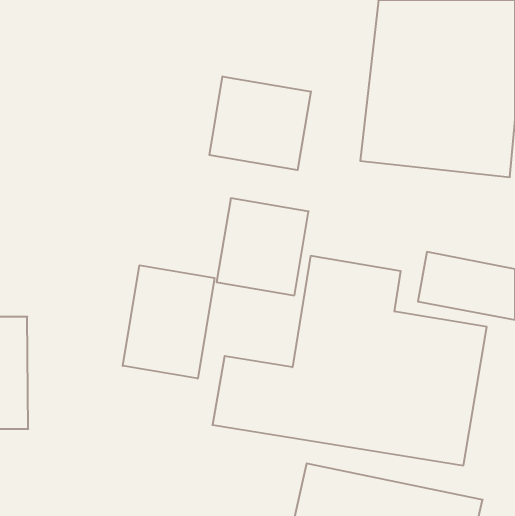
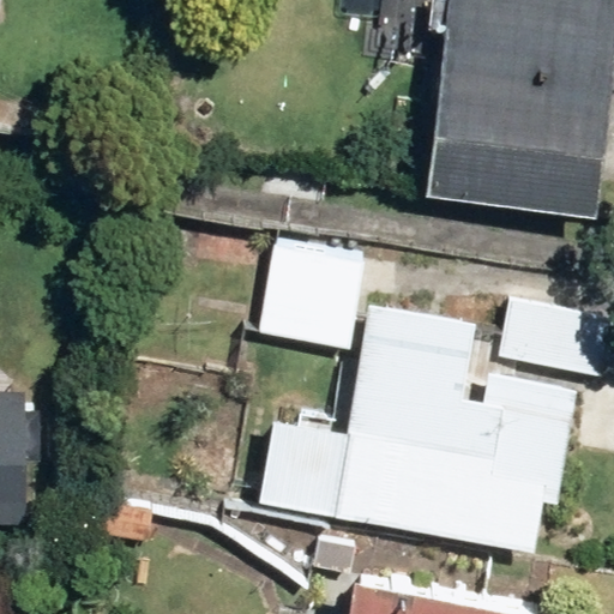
building: [209,76,311,170] -> none
building: [123,265,215,379] -> none

